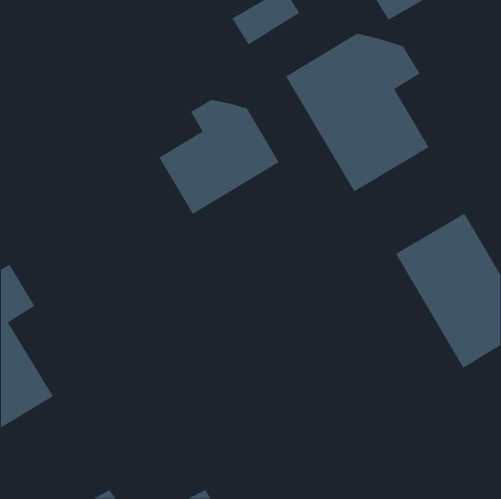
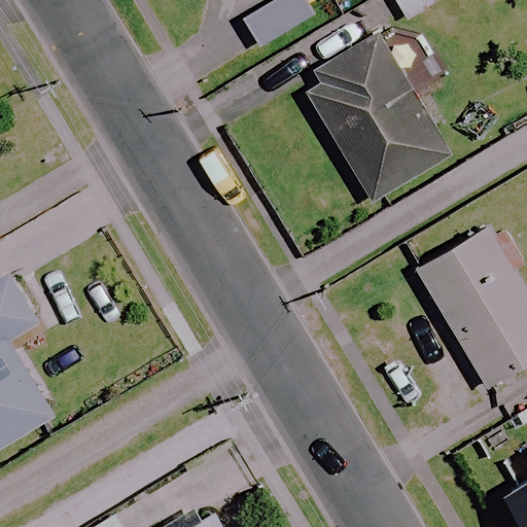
building: [158,99,279,215] -> none

